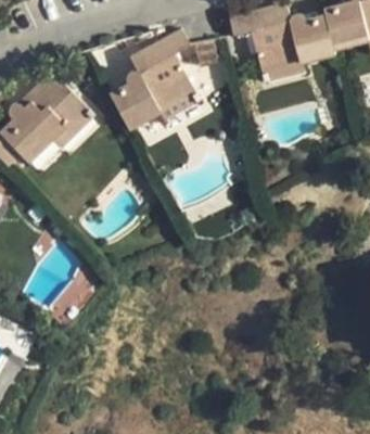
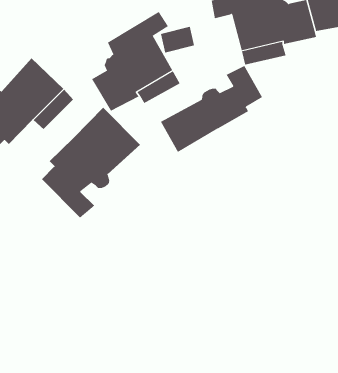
building: none -> [160,65,263,153]
building: none -> [41,107,141,218]

